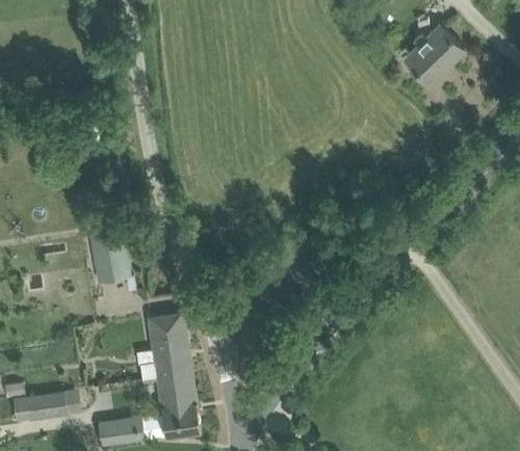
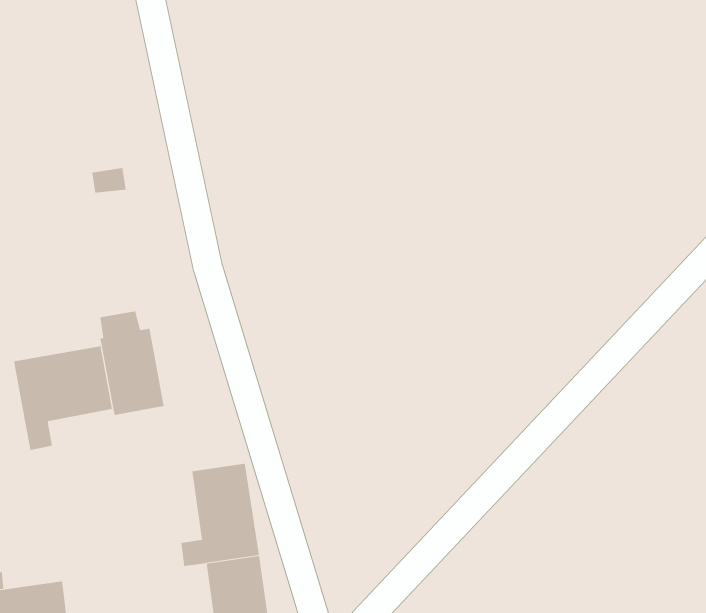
building: [406,26,464,84] -> none
building: none -> [14,346,113,451]

